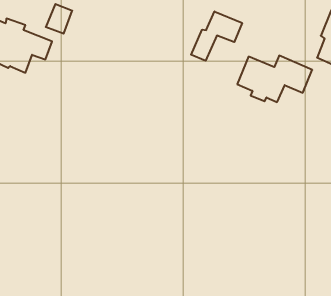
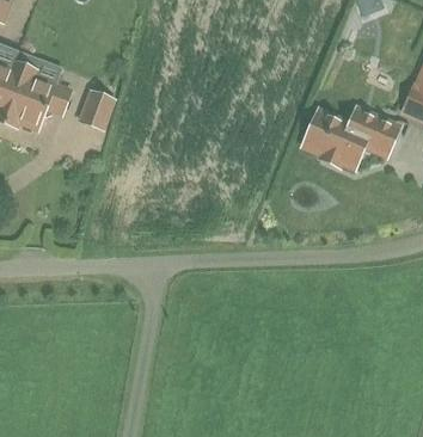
building: [46,4,72,34] -> [78,93,111,130]
building: [191,11,242,61] -> none

